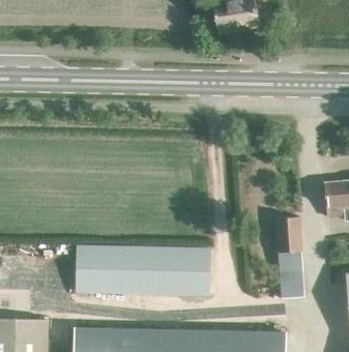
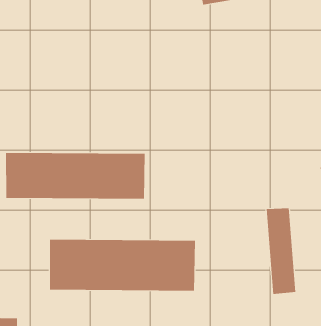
building: none -> [6,152,145,200]

